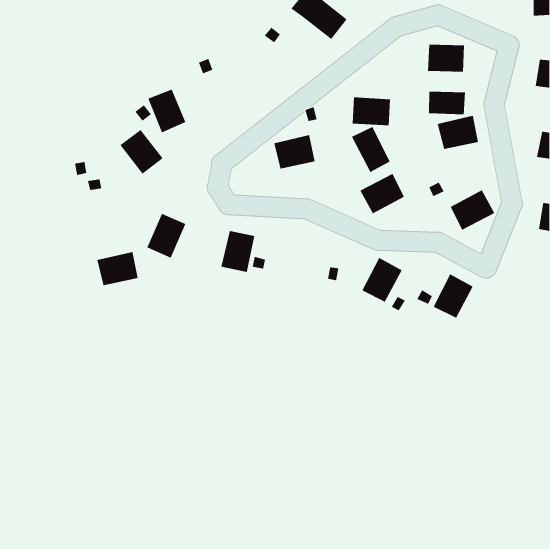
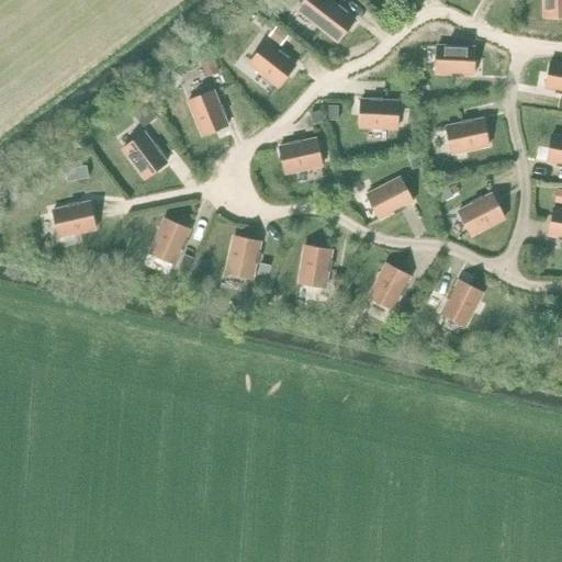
building: none -> [249,41,295,86]
building: [147,89,186,133] -> [188,90,227,135]
building: [428,91,465,115] -> none
building: [351,126,390,173] -> none
building: none -> [299,245,331,286]
building: [96,251,138,286] -> [53,201,95,236]

